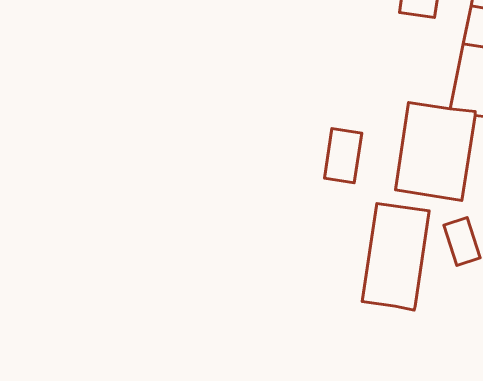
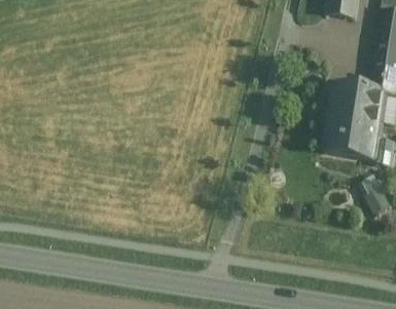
building: [325,128,362,183] -> none
building: [362,204,429,310] -> none

